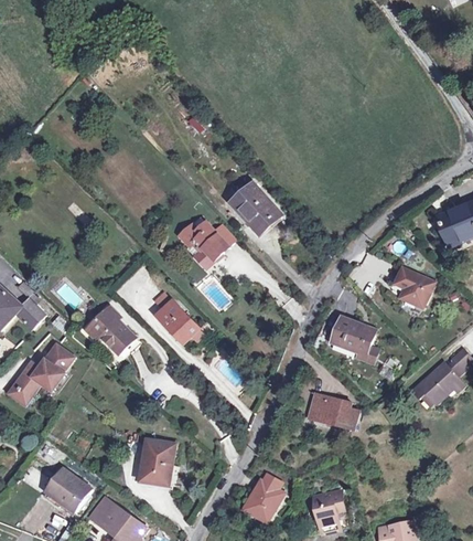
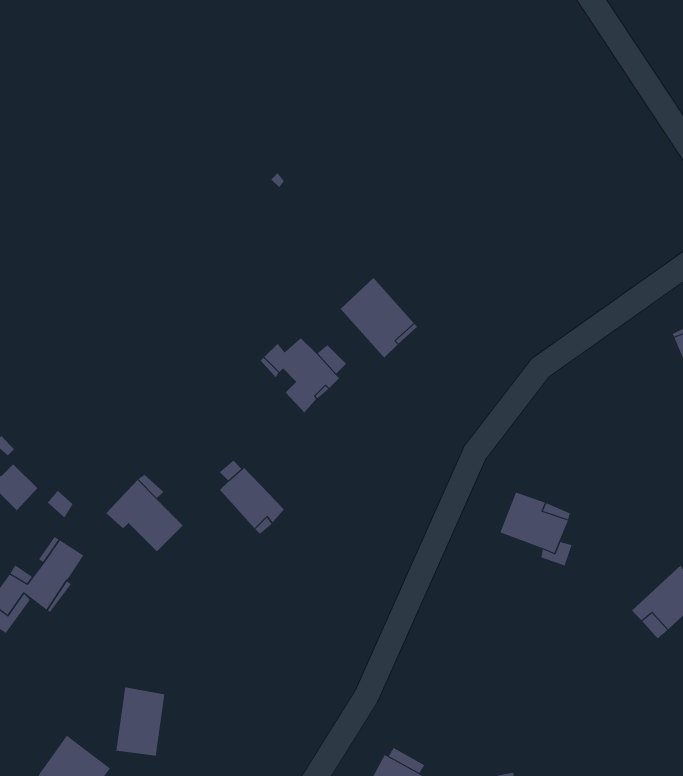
building: [396,268,432,307] -> none
building: [309,393,357,429] -> none
building: [141,441,172,484] -> [116,687,165,756]

